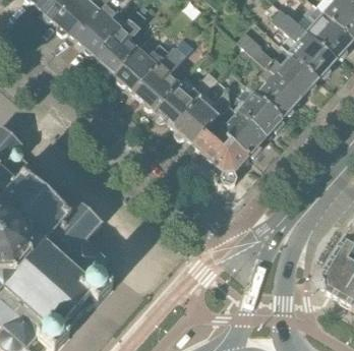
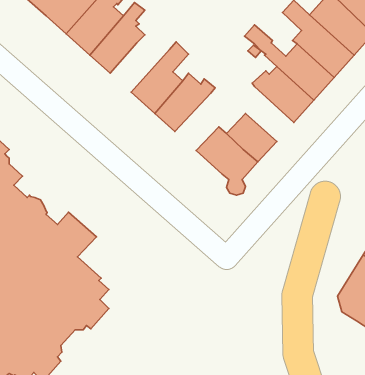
building: [114,44,168,92] -> none
building: [234,86,281,136] -> none
building: [173,87,230,144] -> none

